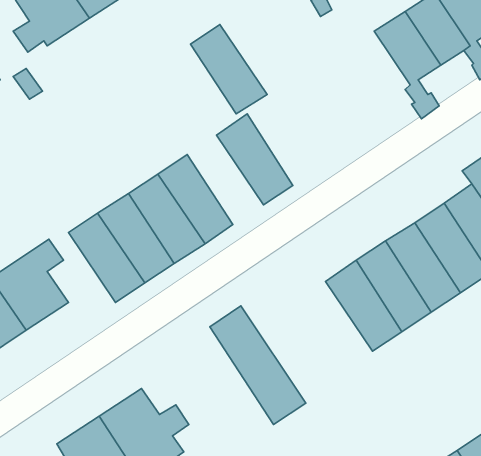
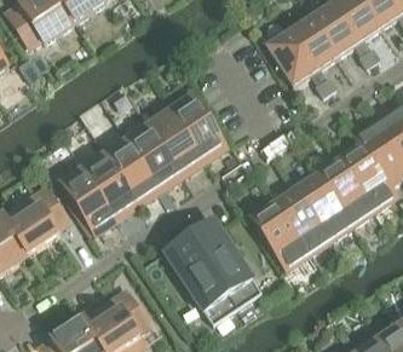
building: [191,25,267,114] -> [148,106,205,173]
building: none -> [265,29,313,83]
building: none -> [188,218,260,306]

